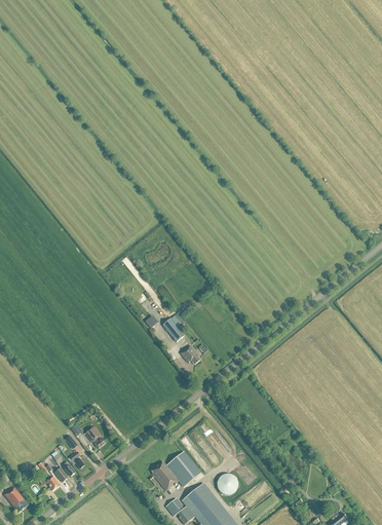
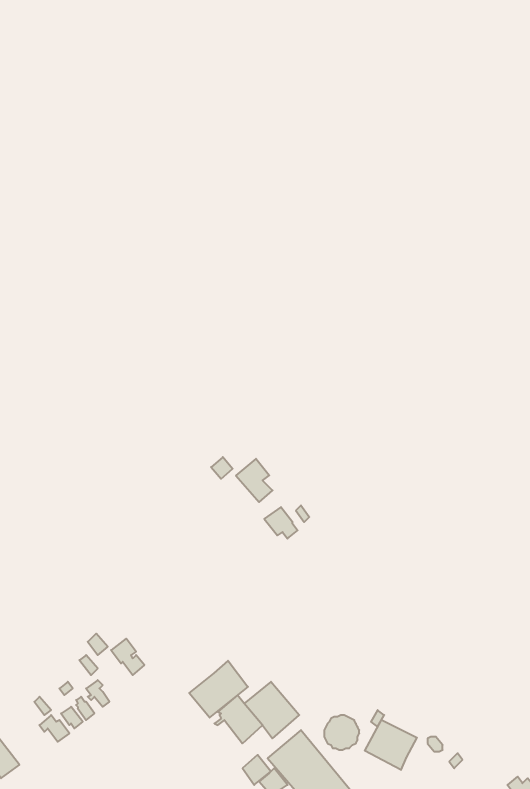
building: none -> [189,661,248,718]
building: none -> [365,720,417,770]

